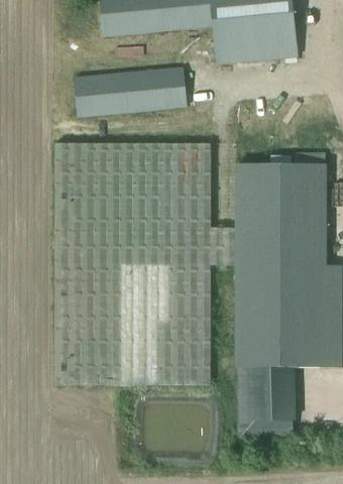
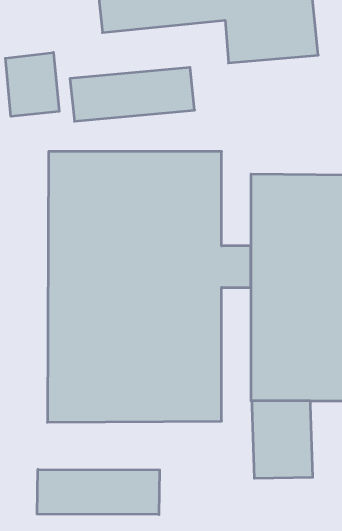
building: none -> [5,52,59,116]
building: none -> [37,469,160,515]

